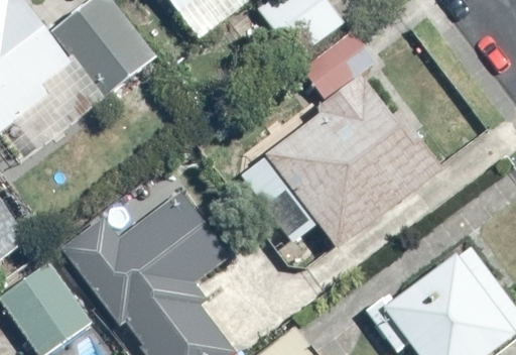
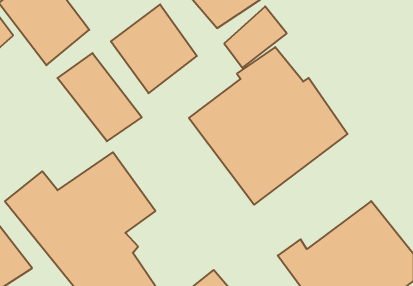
building: none -> [111,4,197,93]
building: none -> [57,53,142,141]

